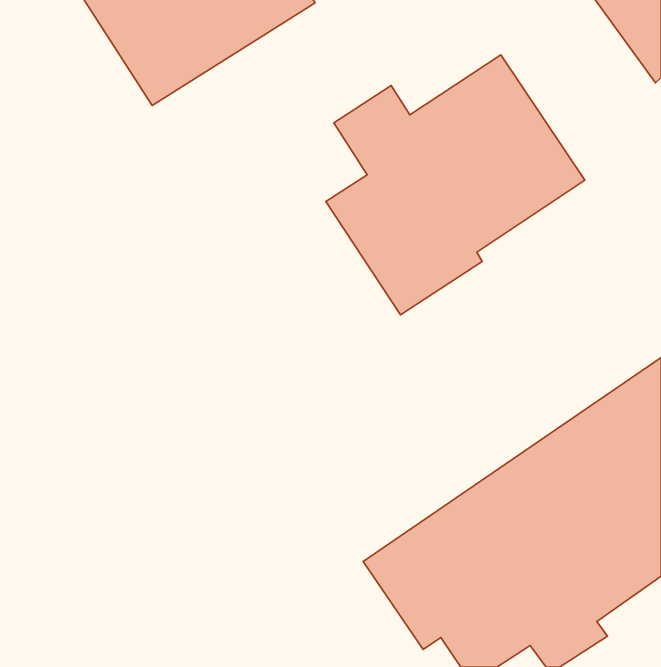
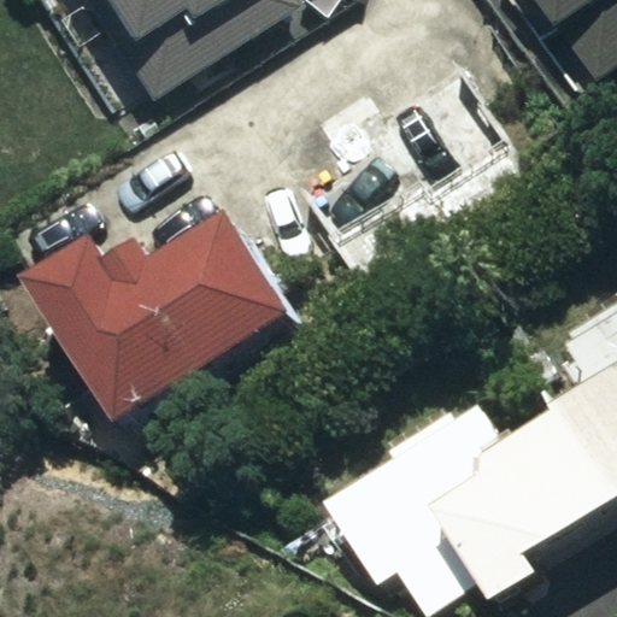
building: none -> [39,222,299,425]

